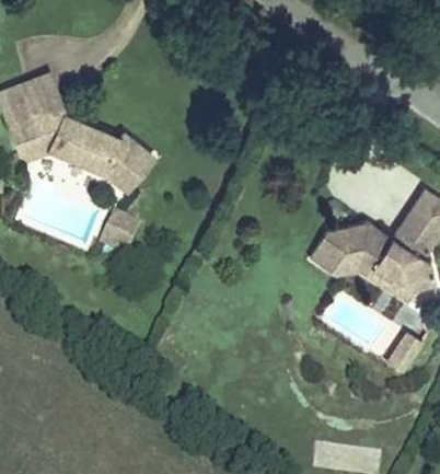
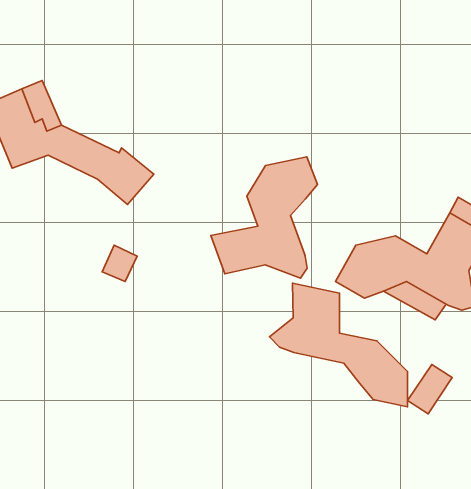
building: none -> [211,157,317,278]
building: none -> [270,283,408,407]

